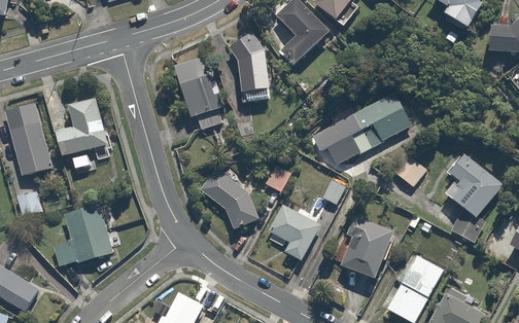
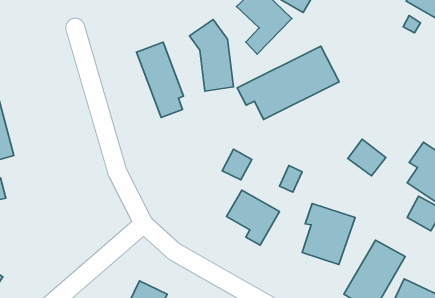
building: [311,93,414,167] -> [237,46,339,120]
building: [60,97,108,171] -> none
building: [198,167,257,230] -> none
building: [51,208,112,268] -> none

